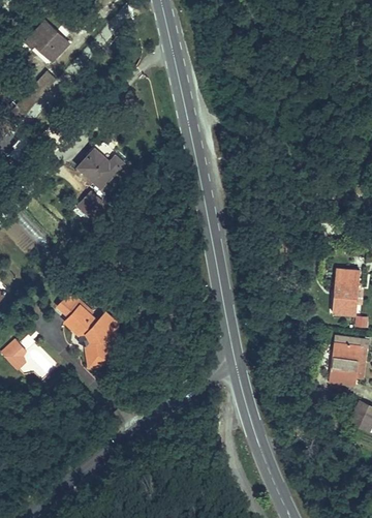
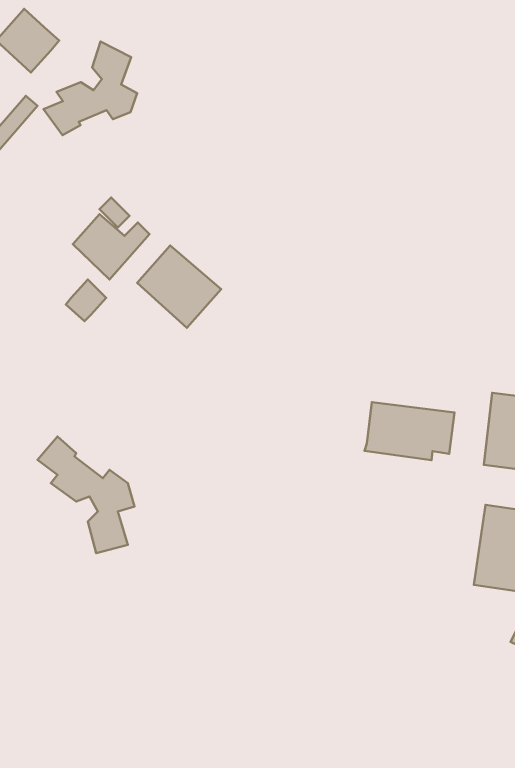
building: none -> [43,42,137,135]
building: none -> [137,246,221,328]
building: none -> [365,402,454,460]

